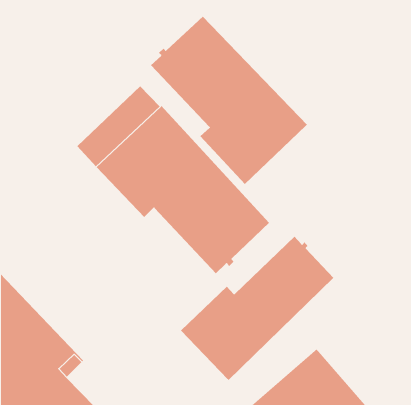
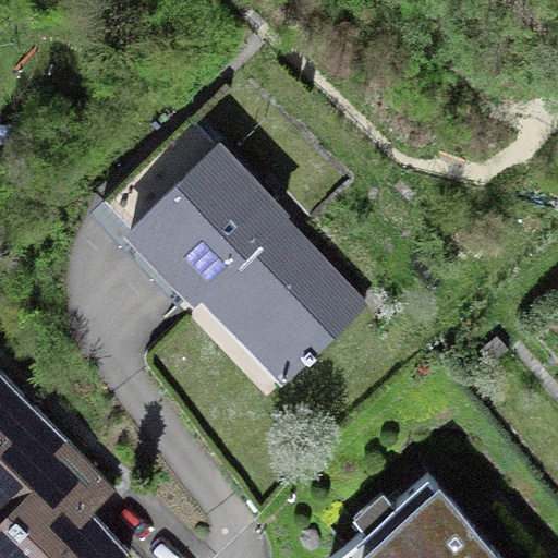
building: [150,16,308,185] -> none
building: [180,236,334,381] -> none

